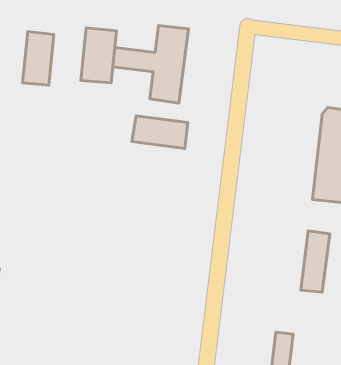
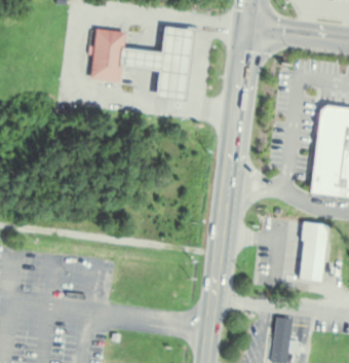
building: [23,31,54,85] -> none
building: [132,116,188,149] -> none

